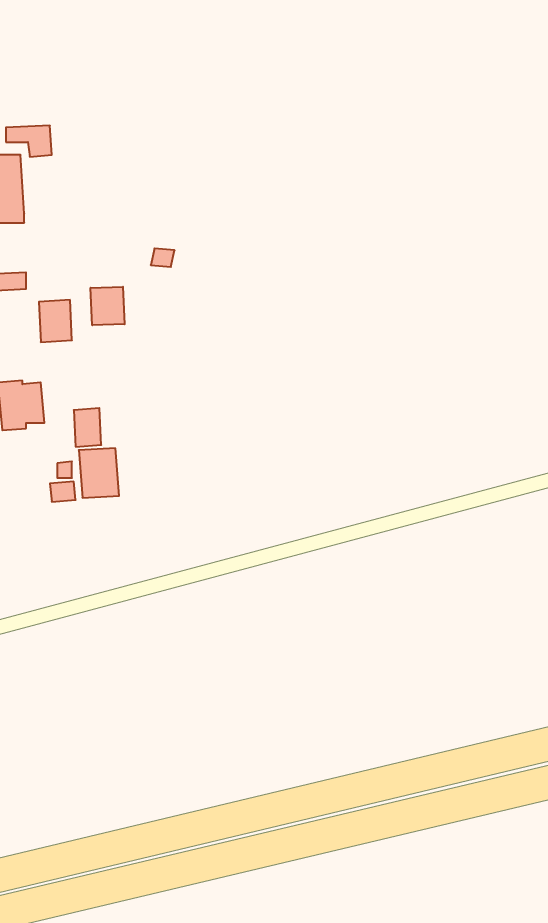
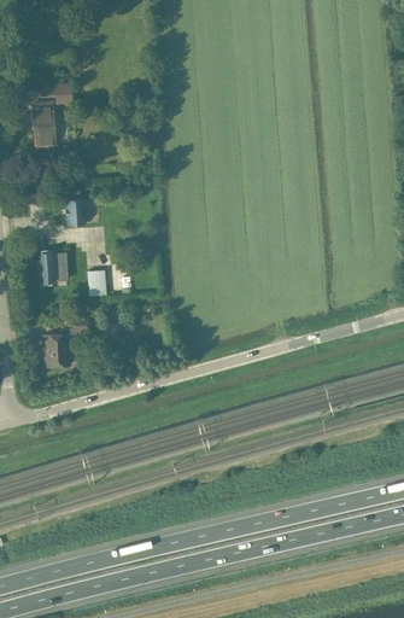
building: [91,287,125,325] -> none
building: [79,448,119,498] -> [43,334,70,367]

